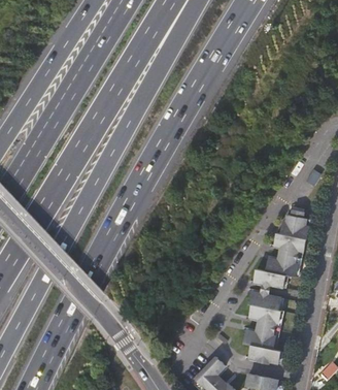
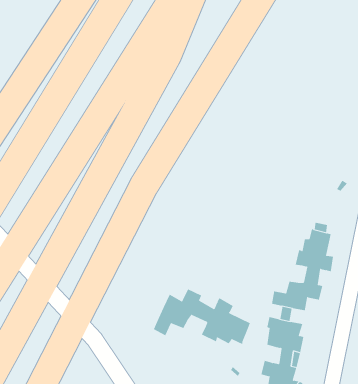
building: none -> [153,289,251,345]

